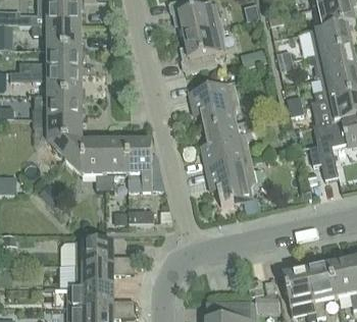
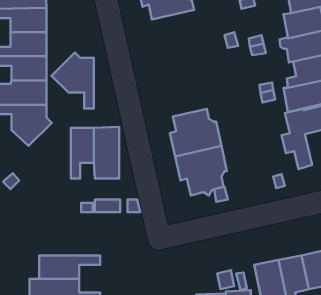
building: [181,26,225,72] -> none
building: [189,83,240,129] -> none
building: [64,136,105,190] -> [52,52,94,108]
building: [74,242,134,264] -> none

